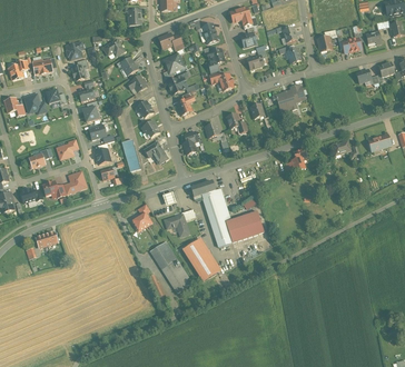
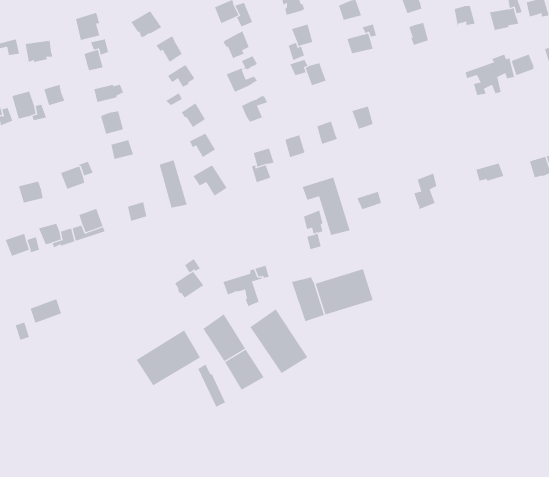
building: [271,83,305,111] -> [465,54,515,96]
building: [190,181,223,220] -> [302,177,350,236]
building: none -> [136,330,201,386]

